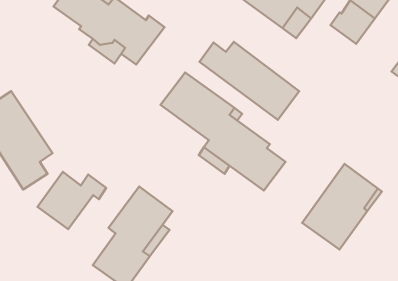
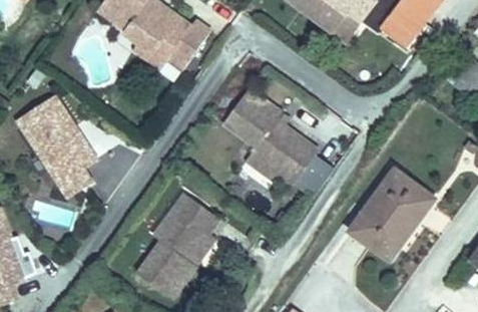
building: [199,42,299,120] -> none
building: [37,172,106,229] -> none

